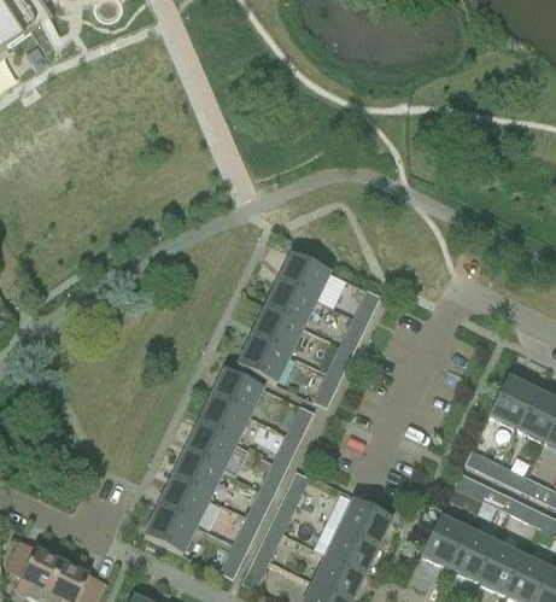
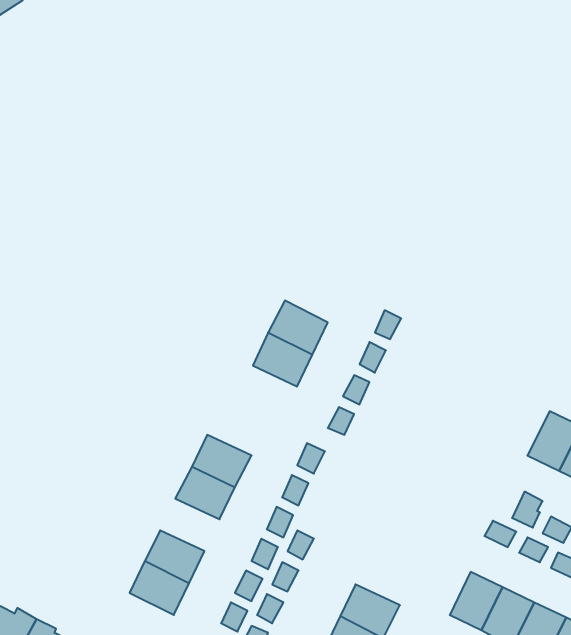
building: [279,252,338,303] -> none
building: [238,337,289,382] -> none
building: [211,369,263,415] -> none
building: [170,452,222,498] -> none
building: [340,499,392,545] -> none

